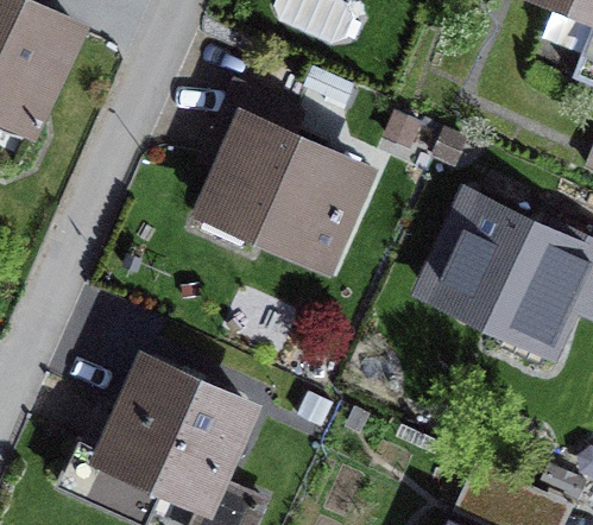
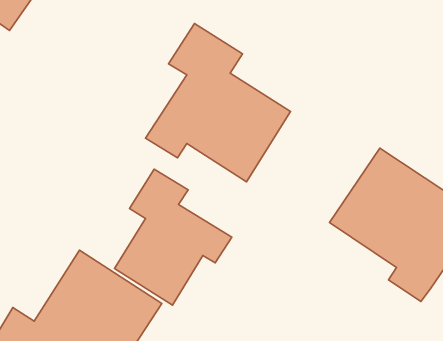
building: none -> [114,169,232,305]

